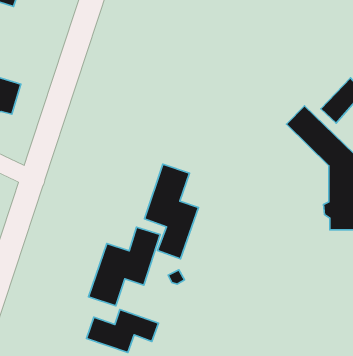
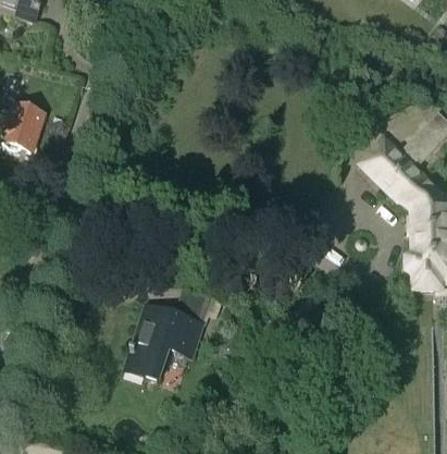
building: [144,164,199,259] -> none
building: [87,309,159,352] -> none

